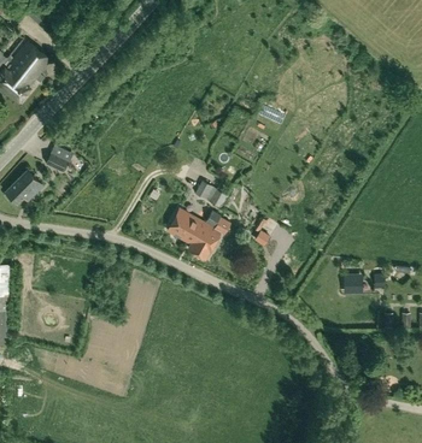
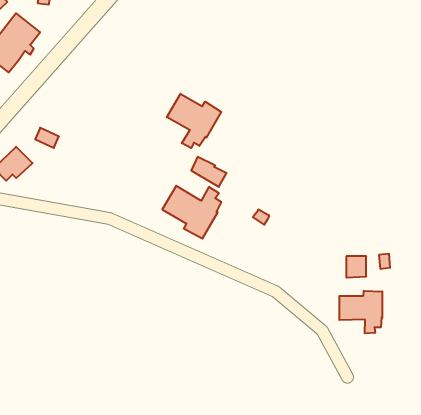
building: none -> [167,94,221,148]
building: none -> [339,291,382,333]

